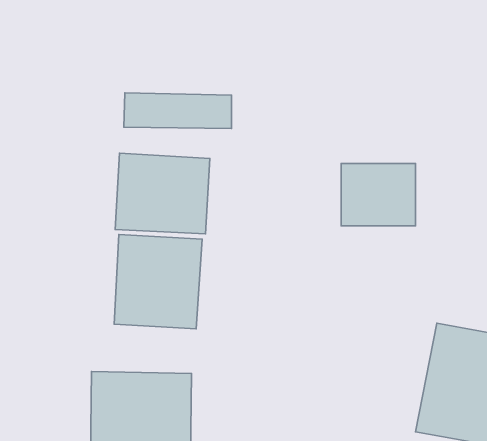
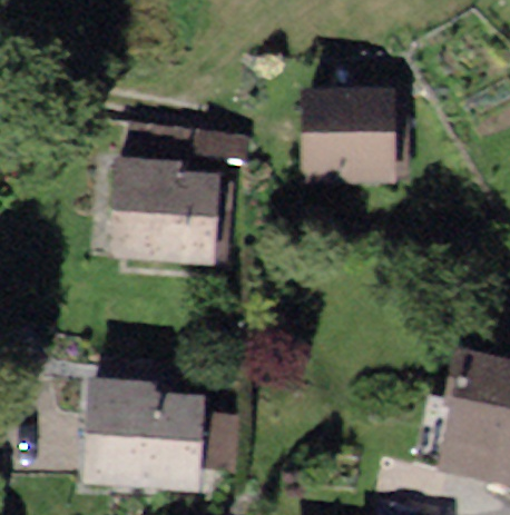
building: [341,164,415,226] -> [318,113,395,178]
building: [114,235,202,329] -> none

